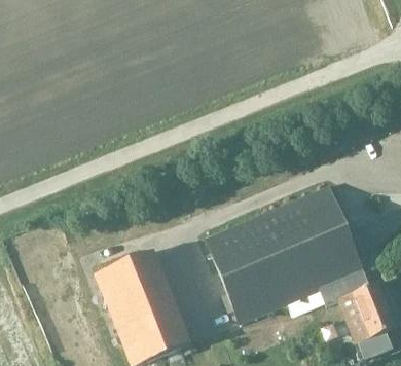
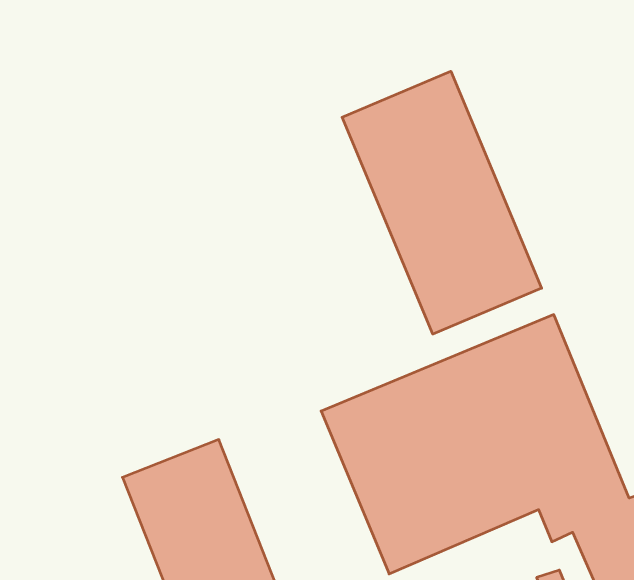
building: none -> [342,71,542,334]

